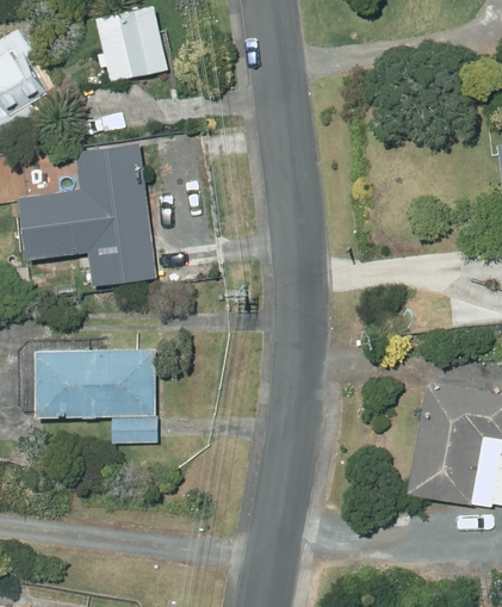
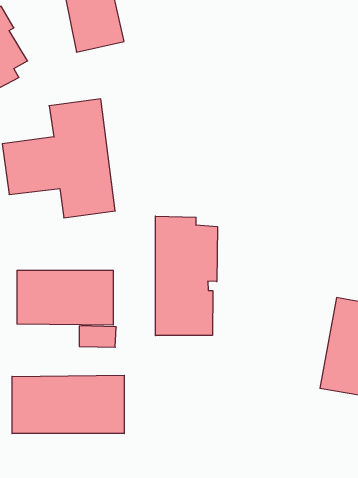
building: none -> [155,216,217,336]
building: none -> [12,375,124,434]

